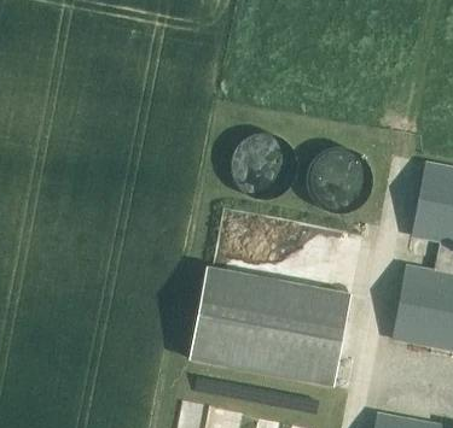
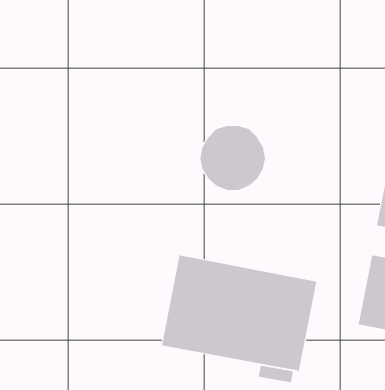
building: [304,146,372,212] -> none

